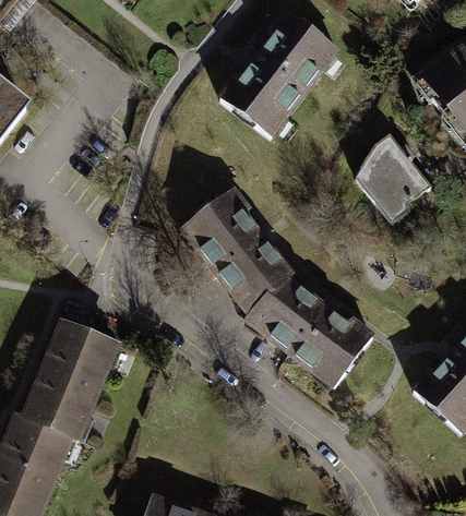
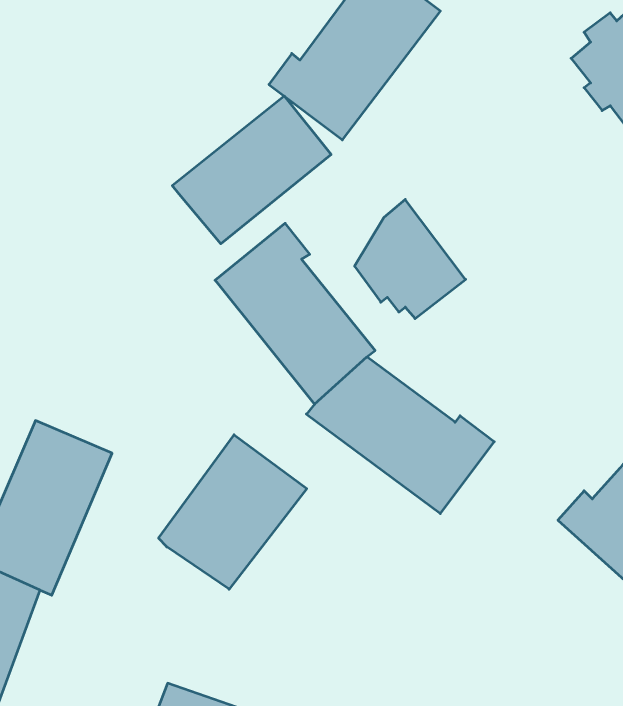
building: none -> [172,96,331,244]
building: [356,132,430,212] -> [355,199,466,319]
building: none -> [159,435,307,589]

